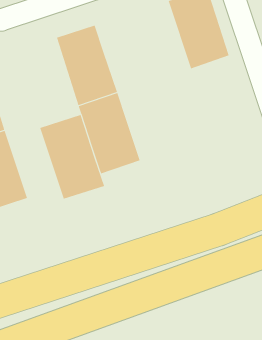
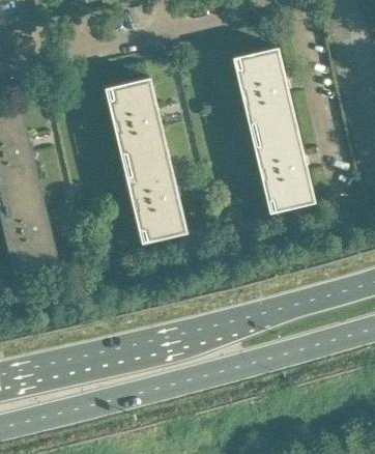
building: none -> [251,125,314,215]
building: [40,114,105,200] -> none

